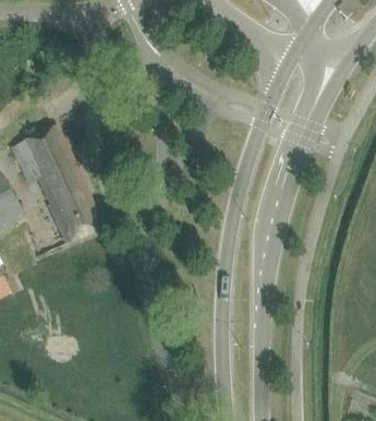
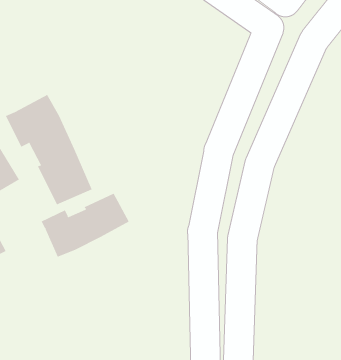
building: none -> [41,193,129,258]

